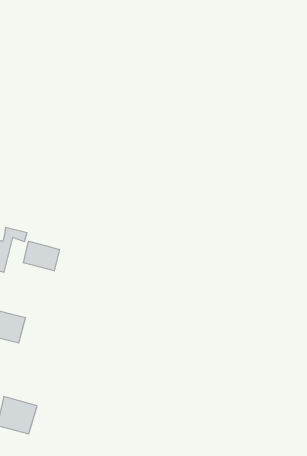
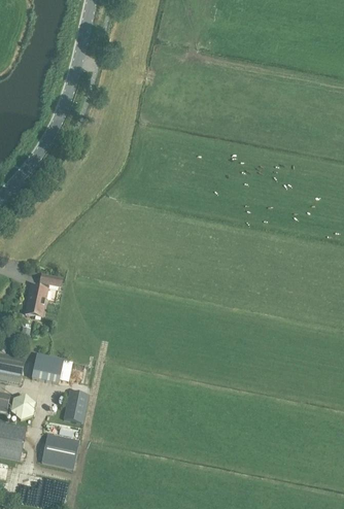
building: [23,241,59,271] -> none
building: none -> [63,389,88,421]

